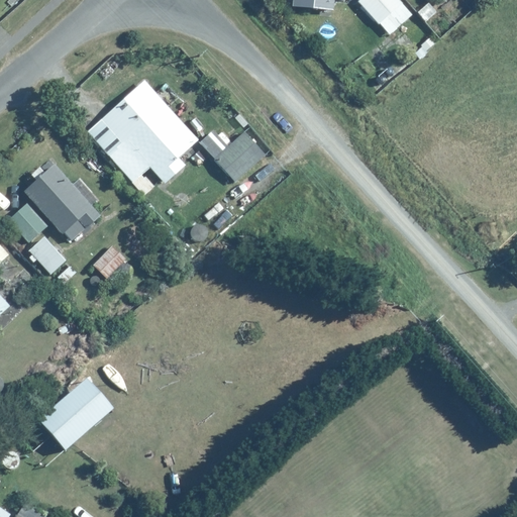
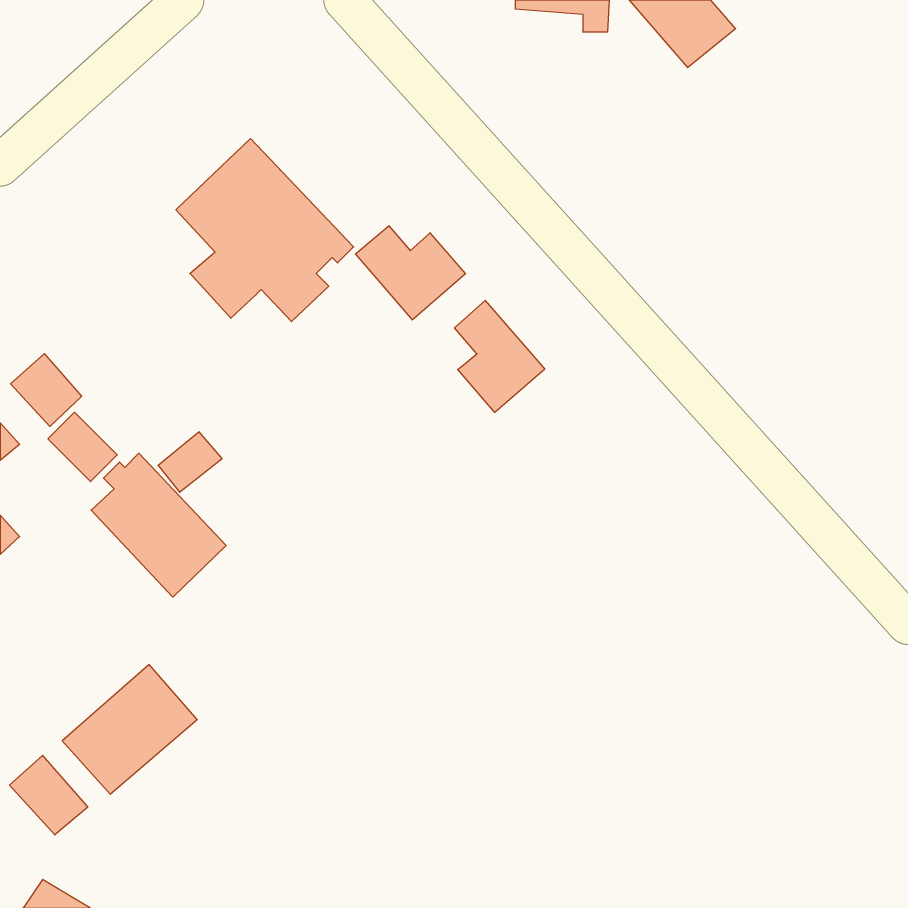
building: [23,160,100,241] -> [91,453,226,597]
building: none -> [454,300,545,412]
building: none -> [10,755,88,835]

